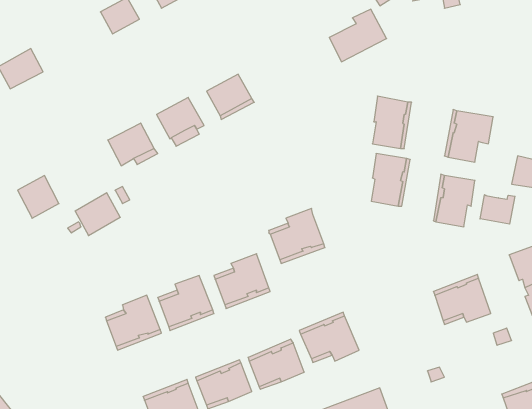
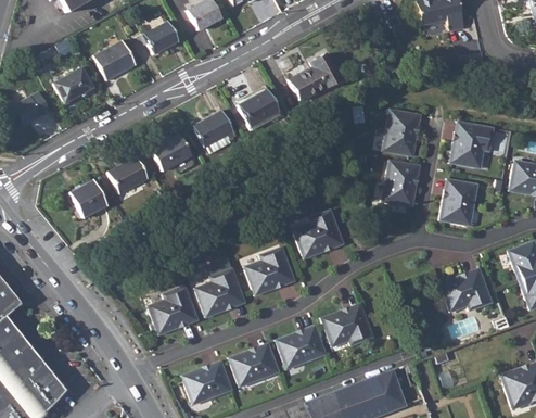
building: [329,9,387,62] -> [290,54,341,101]
building: none -> [94,40,137,79]
building: [75,193,120,236] -> [109,155,149,193]
building: [480,195,515,224] -> none

